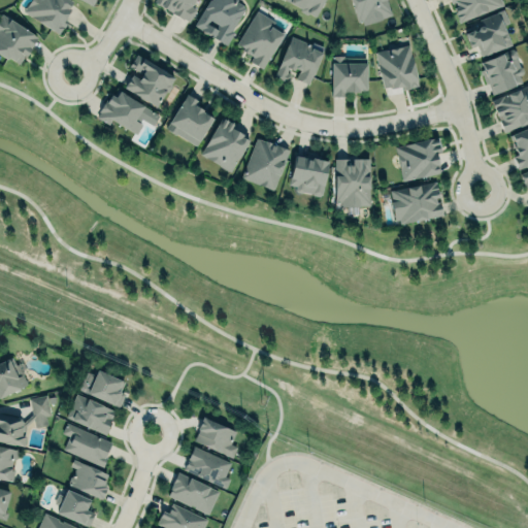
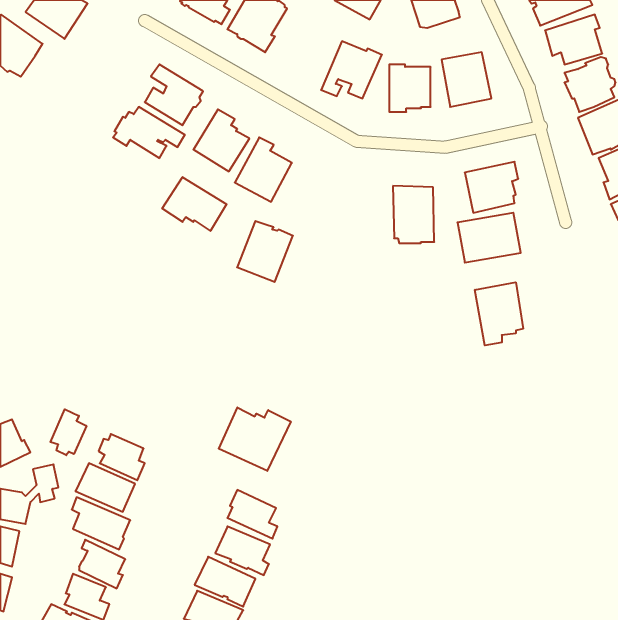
building: [239,11,287,69] -> none
building: [242,138,290,190] -> [237,221,293,282]
building: none -> [162,177,227,231]
building: [291,152,330,197] -> none
building: none -> [475,282,523,345]
building: none -> [219,407,291,471]
building: none -> [50,409,86,455]

